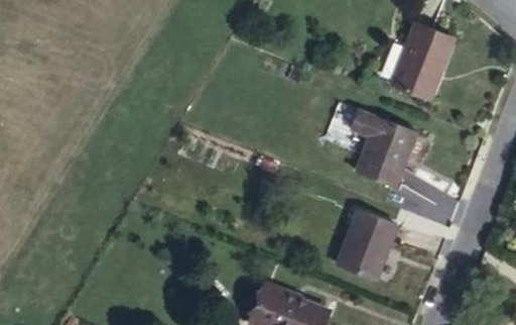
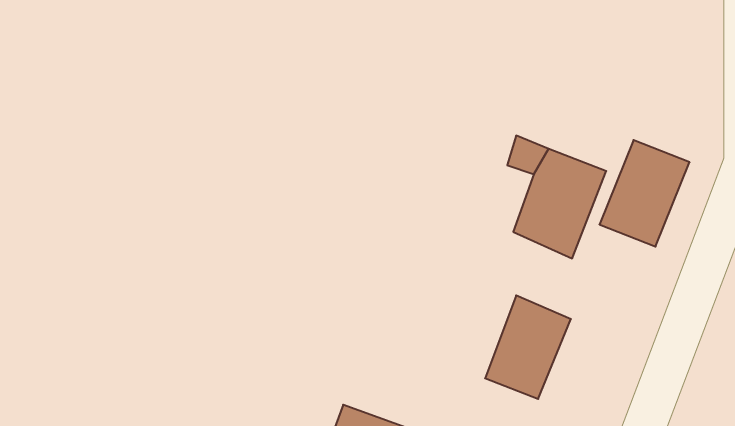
building: [392,24,454,97] -> [599,140,690,247]

